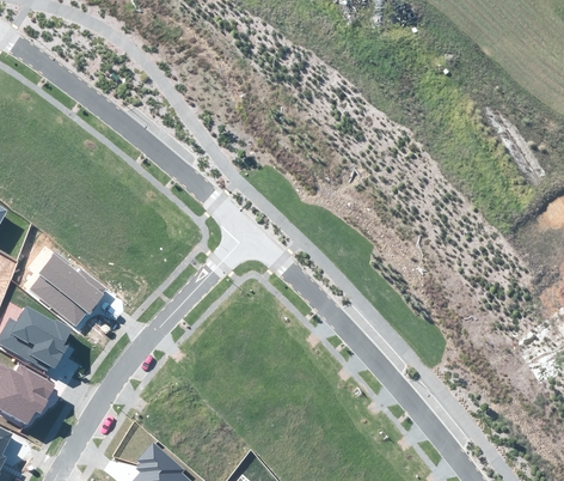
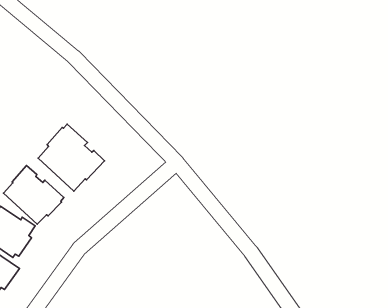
building: none -> [38,124,104,191]

